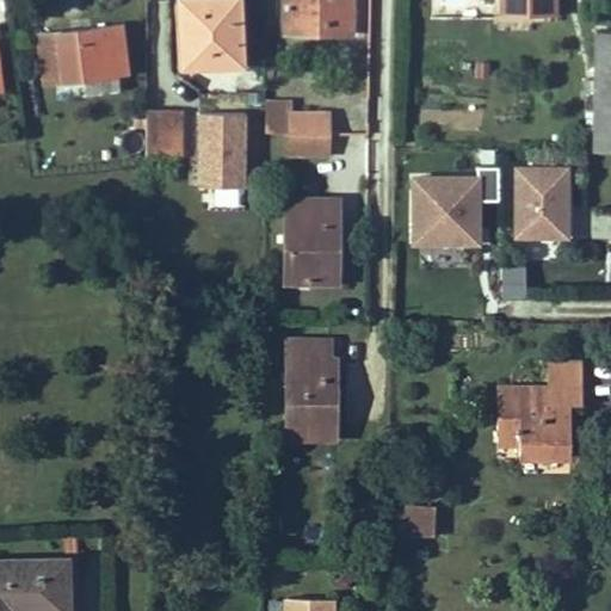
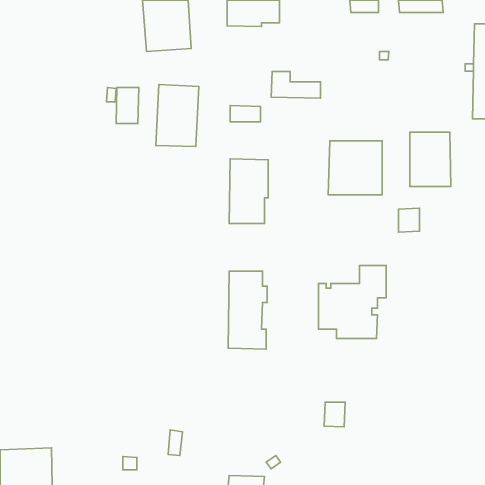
building: [39,25,128,84] -> none
building: [266,101,328,135] -> [271,71,321,98]
building: [498,365,582,457] -> [319,265,386,339]

